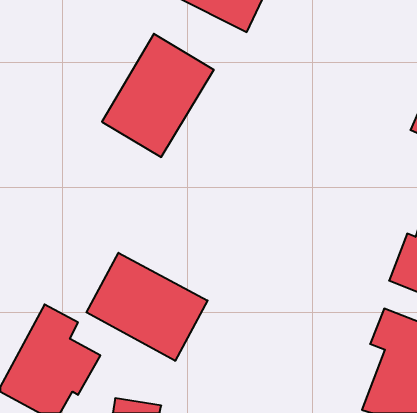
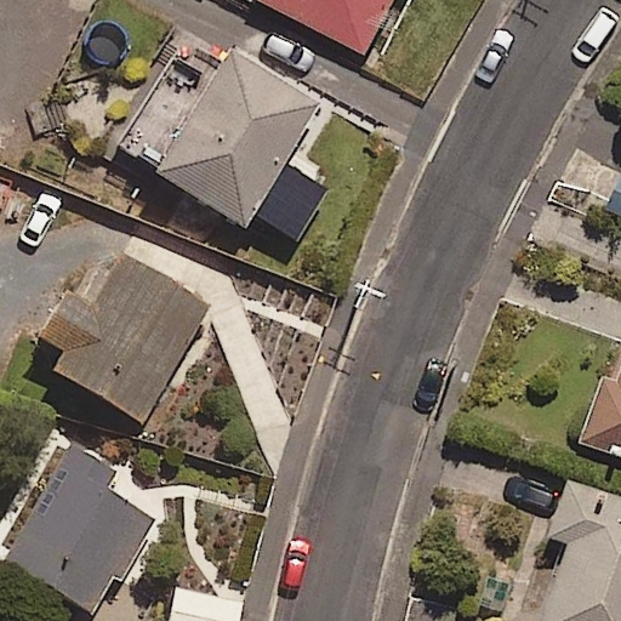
building: none -> [34,257,212,423]
building: [86,253,208,361] -> none

